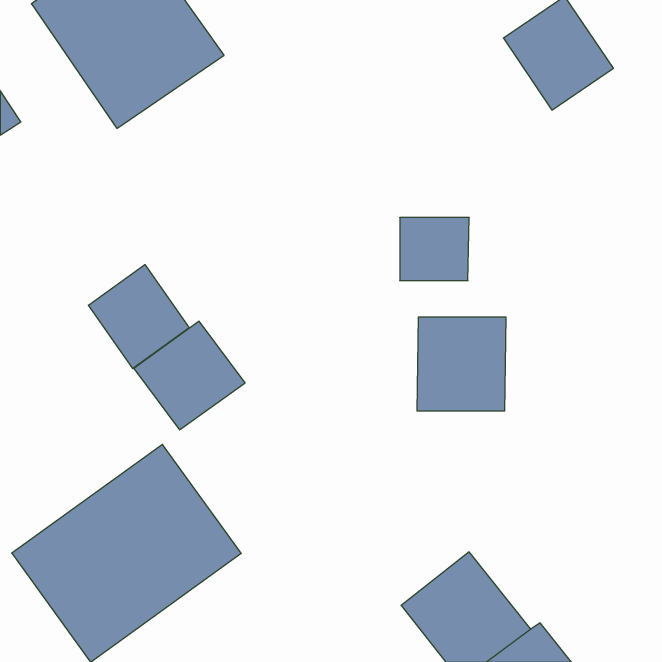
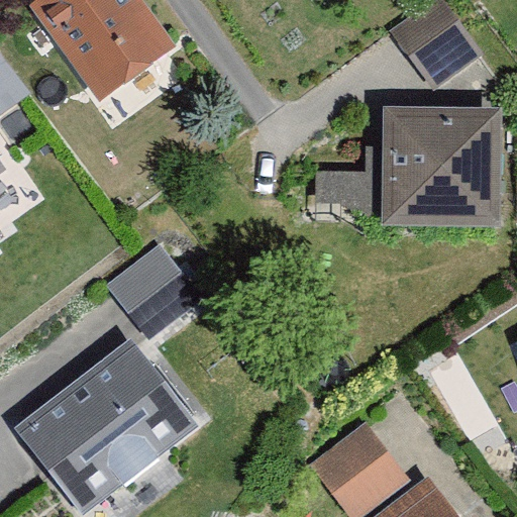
building: none -> [381,109,495,226]
building: [88,265,189,369] -> none
building: [417,317,506,411] -> none

